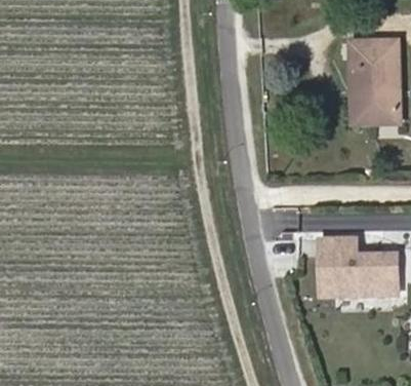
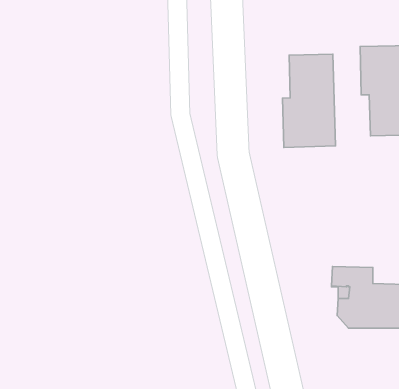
building: none -> [282,54,335,147]

